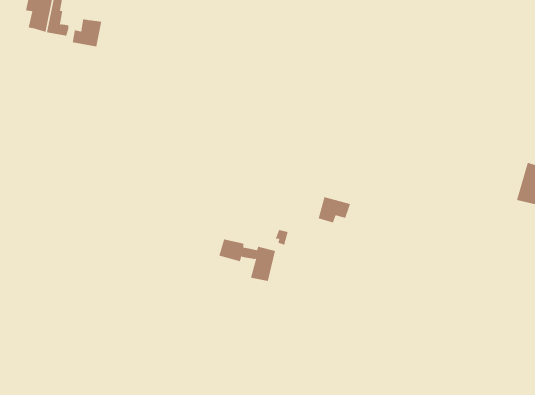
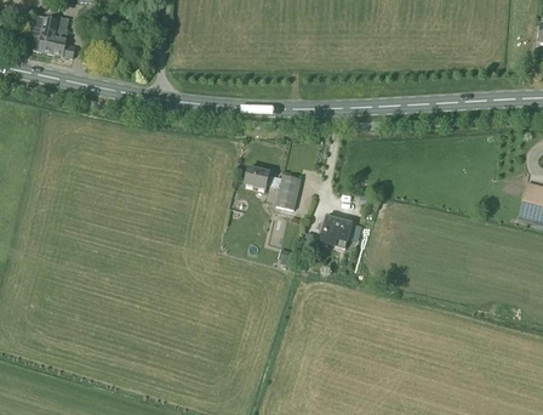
building: [72,18,102,49] -> none
building: [218,239,276,282] -> [244,166,301,209]

